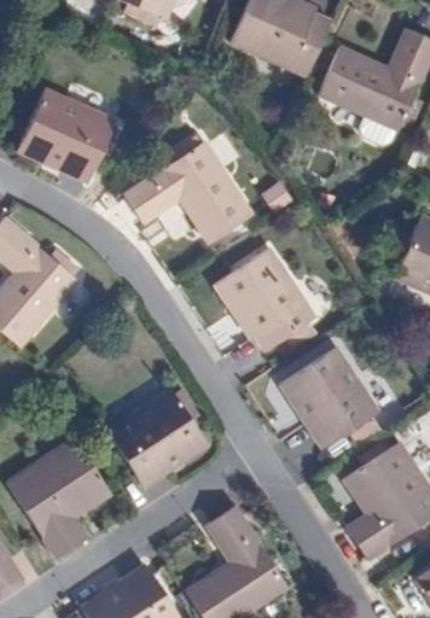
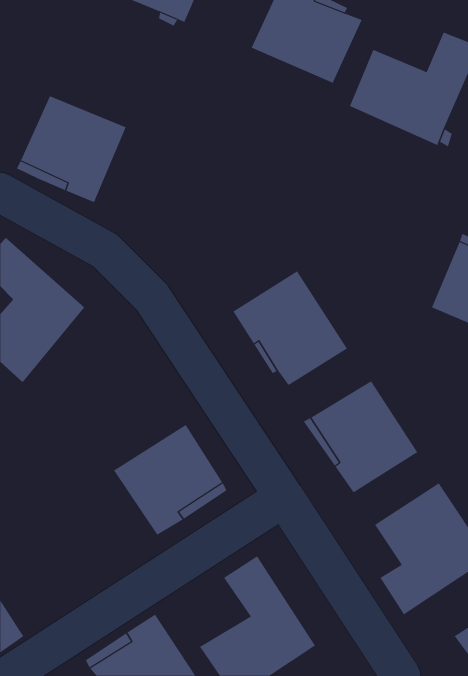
building: [126,140,255,245] -> none
building: [6,437,112,558] -> none

